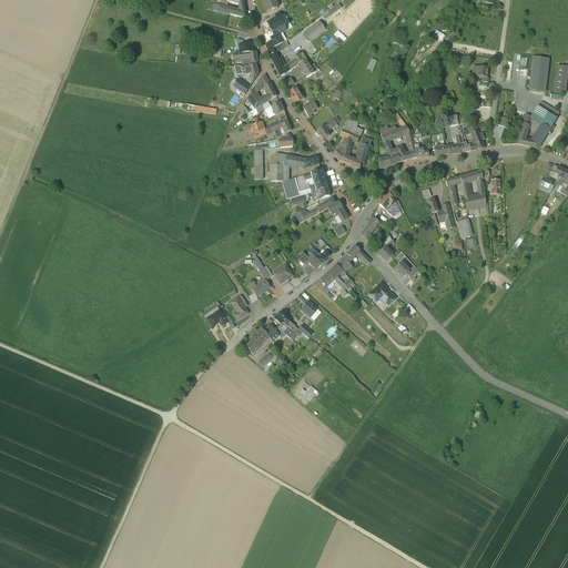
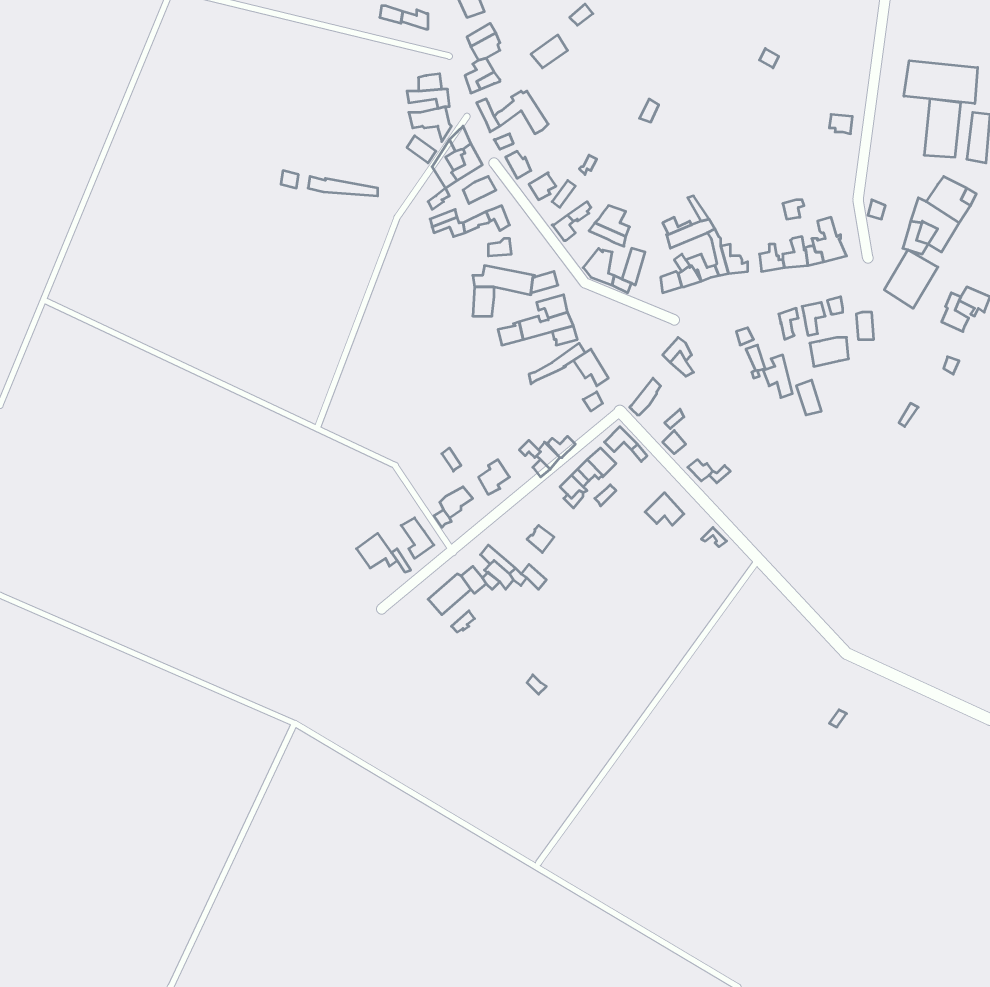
building: none -> [904,61,978,104]
building: none -> [884,250,938,308]

